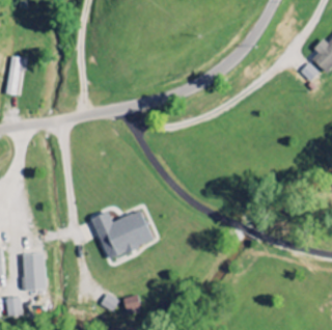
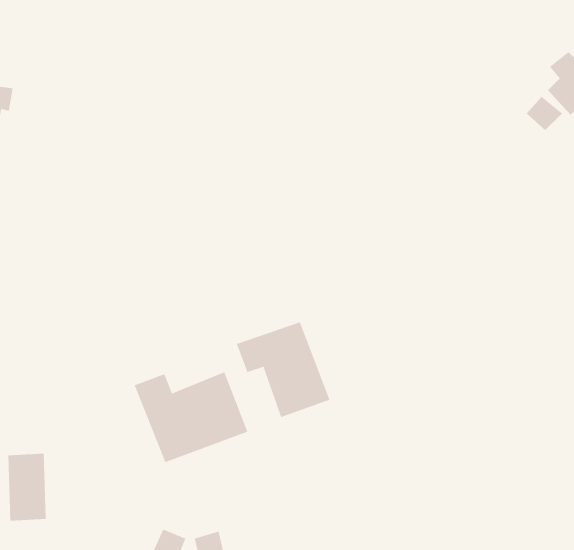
building: none -> [236,321,330,418]

